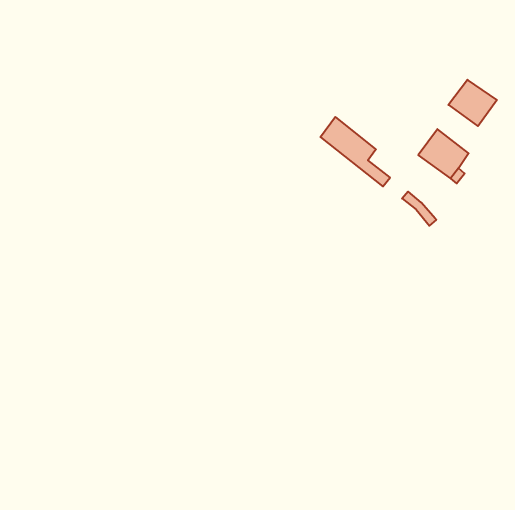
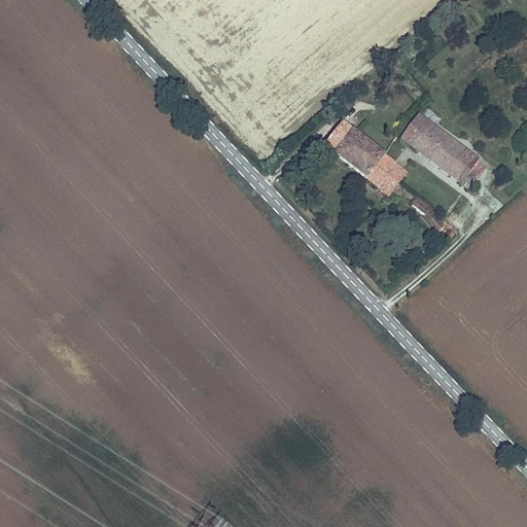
building: [448,80,497,126] -> [397,111,447,159]
building: none -> [376,152,408,181]

